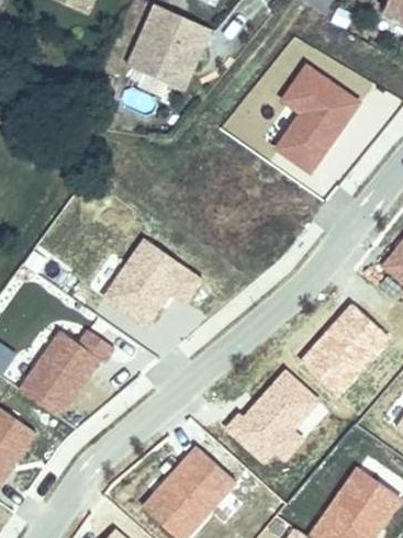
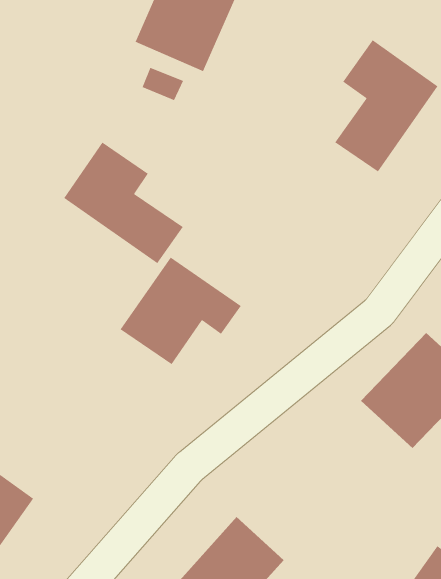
building: none -> [63,141,184,264]
building: [20,329,119,419] -> none
building: [223,363,331,461] -> none

